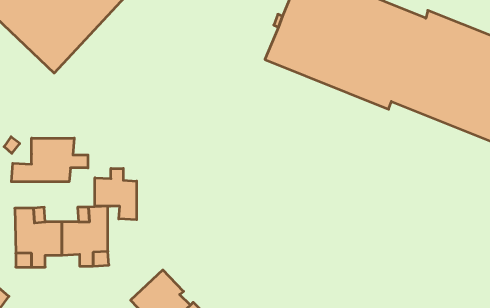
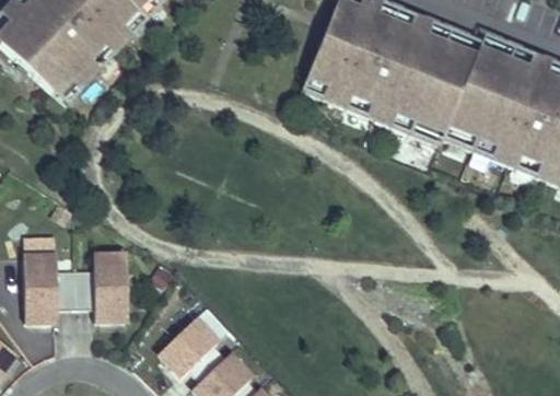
building: [11,138,88,182] -> none
building: [95,168,137,220] -> none

